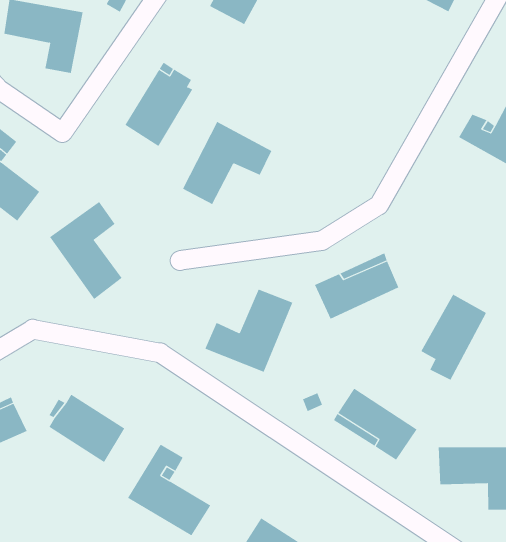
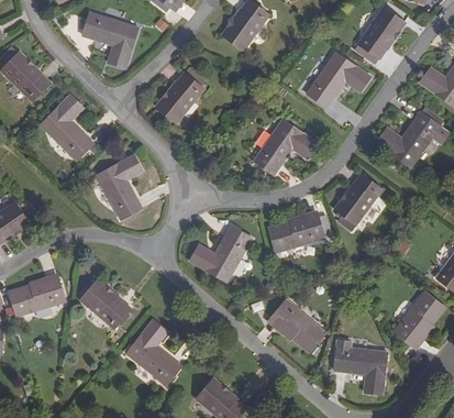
building: none -> [306,52,369,108]
building: [182,121,272,205] -> [254,119,317,174]
building: [420,294,487,380] -> [333,173,380,230]

